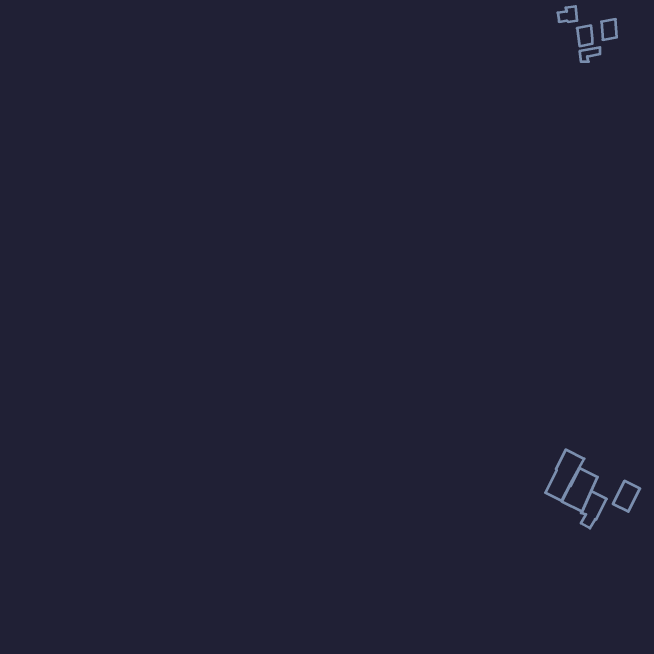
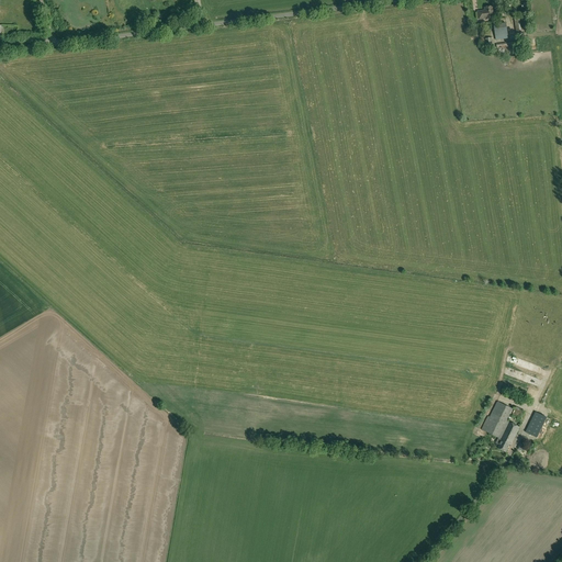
building: [545,450,584,501] -> none

